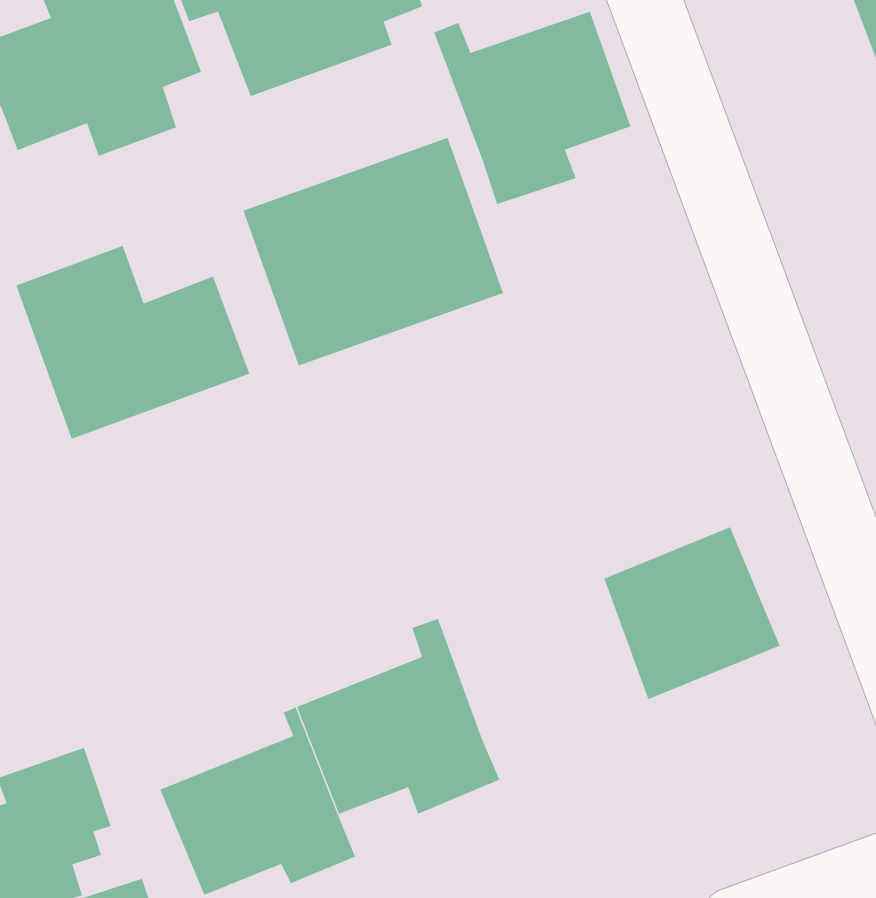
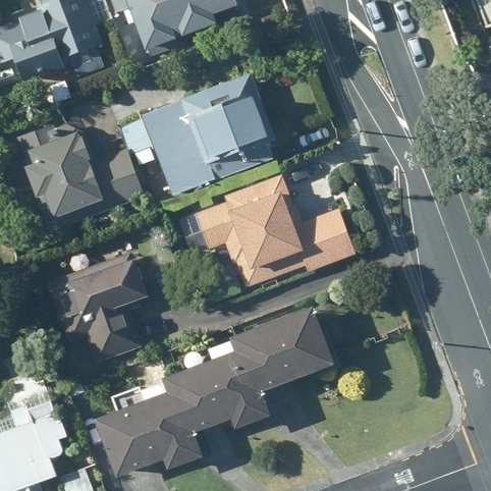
building: [434,11,631,205] -> none
building: none -> [195,176,357,294]
building: none -> [48,251,148,359]
building: [604,527,780,700] -> [245,301,339,392]

